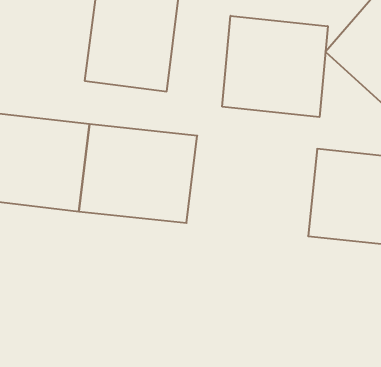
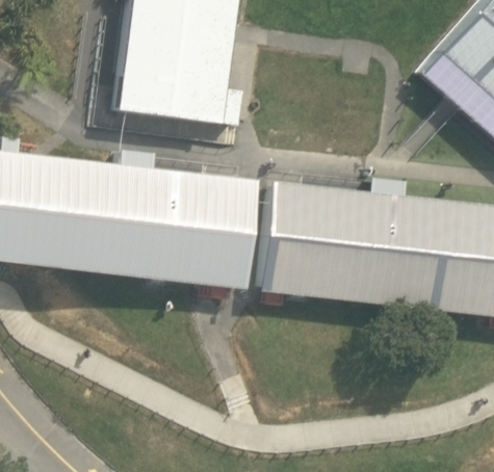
building: [222,16,328,117] -> none
building: none -> [261,181,410,306]

